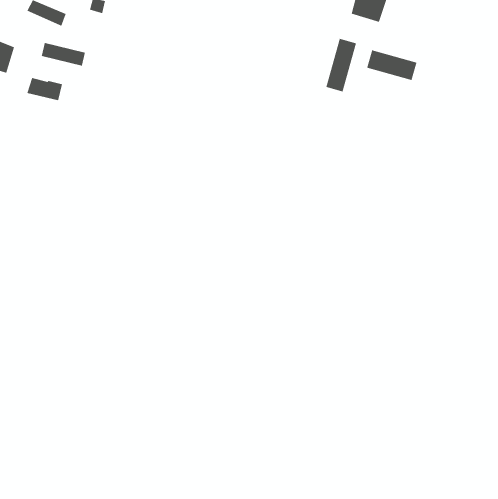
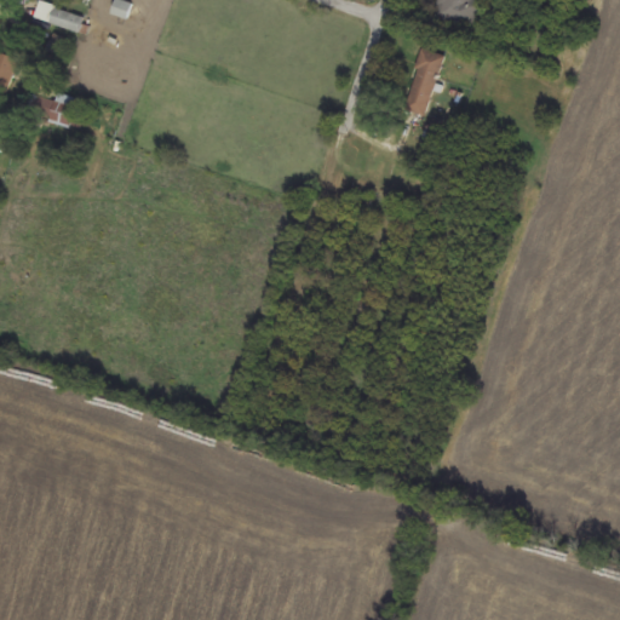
building: [41,42,86,67] -> none
building: [366,49,417,81] -> none

